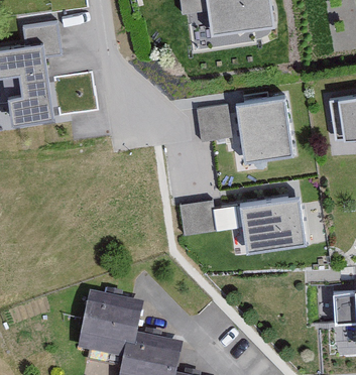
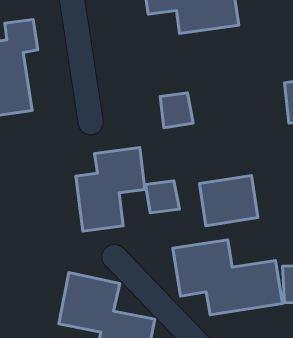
building: [234,94,291,160] -> none
building: none -> [76,148,145,231]
building: none -> [173,240,282,315]

